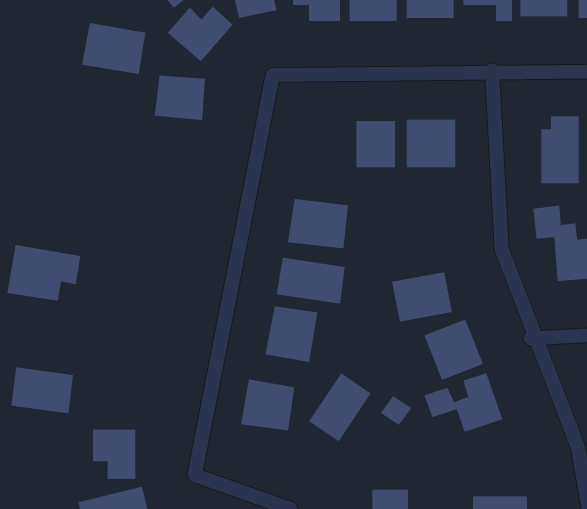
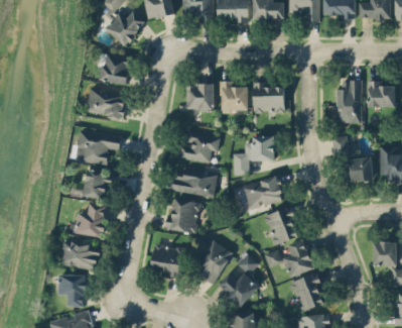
building: [81,23,146,75] -> [86,87,126,119]
building: none -> [187,83,213,109]
building: none -> [233,135,275,175]
building: [7,244,81,301] -> [74,129,120,165]
building: none -> [86,171,109,197]
building: none -> [76,204,107,236]
building: [11,367,74,414] -> [60,240,100,269]
building: none -> [219,272,258,306]
building: none -> [289,272,326,311]

